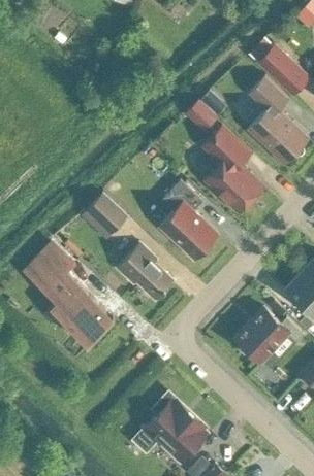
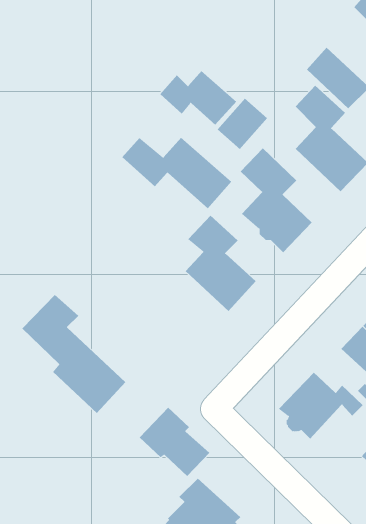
building: none -> [159,70,237,126]
building: none -> [122,137,232,209]
building: [85,193,127,236] -> none
building: [116,244,174,301] -> [139,407,210,477]

